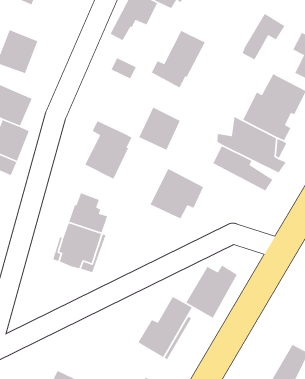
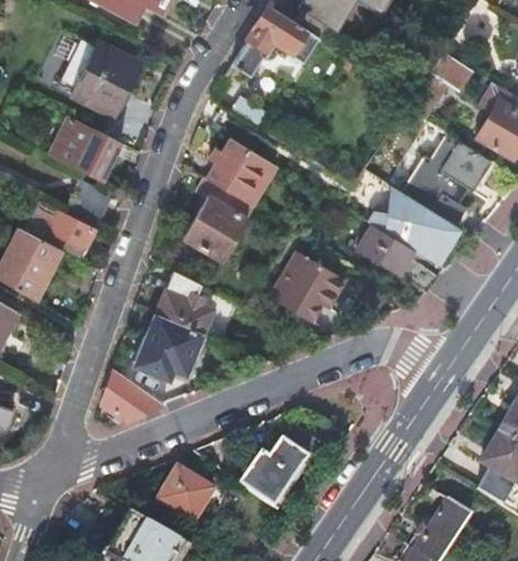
building: [151,30,206,88] -> none
building: [138,106,181,151] -> [206,139,265,201]
building: [185,265,238,319] -> none
building: none -> [101,371,164,423]
building: none -> [156,470,211,525]

